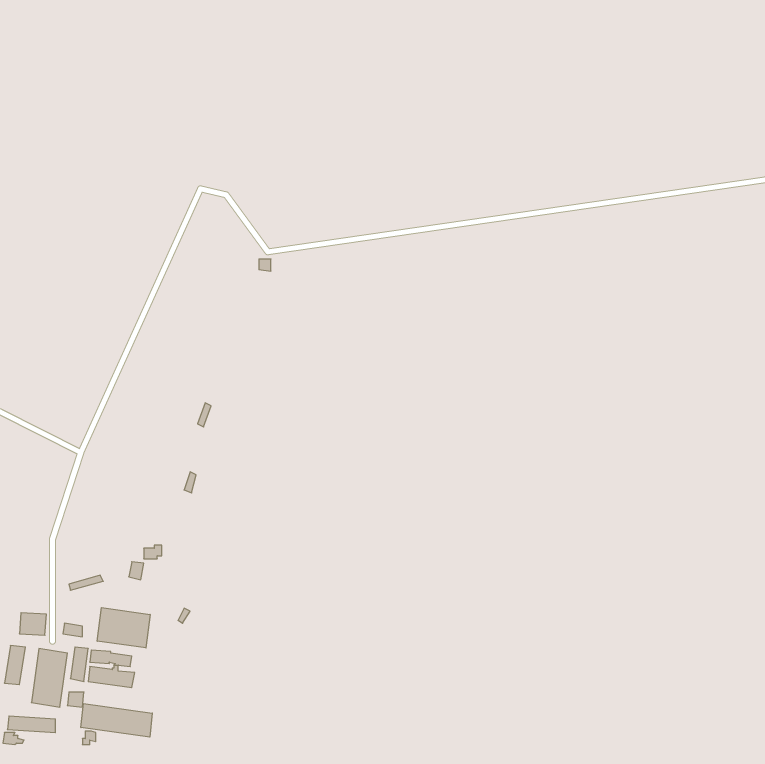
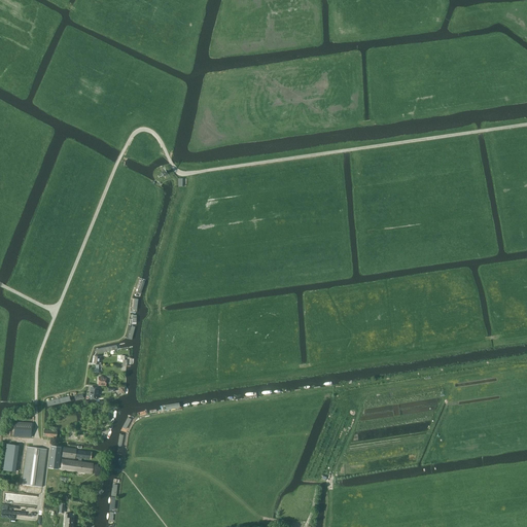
building: [97,608,150,648] -> none
building: [81,704,152,737] -> none

